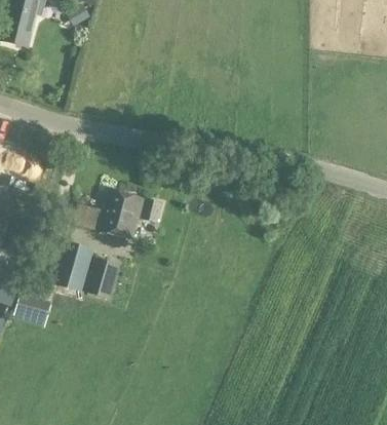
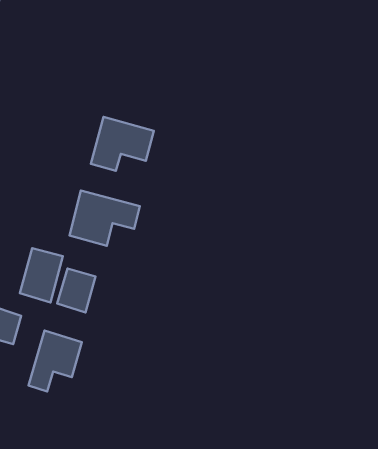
building: none -> [91,117,154,171]
building: none -> [29,331,82,391]

